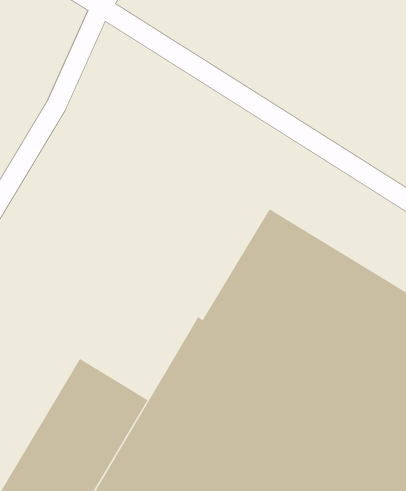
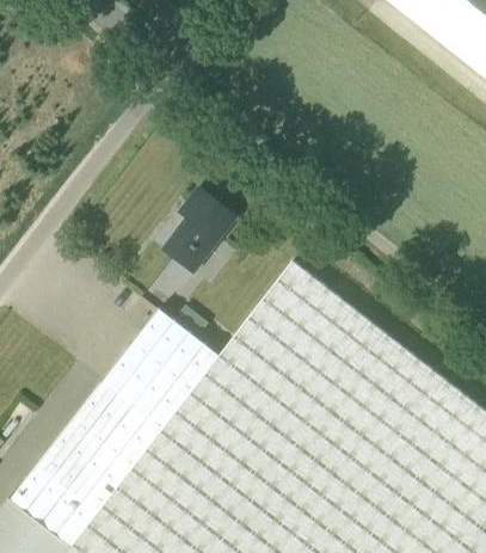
building: none -> [164,189,236,274]
building: none -> [103,308,215,425]

